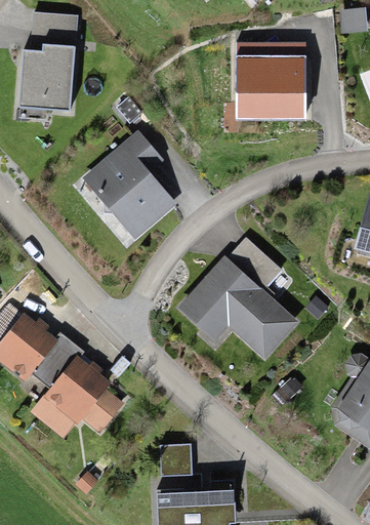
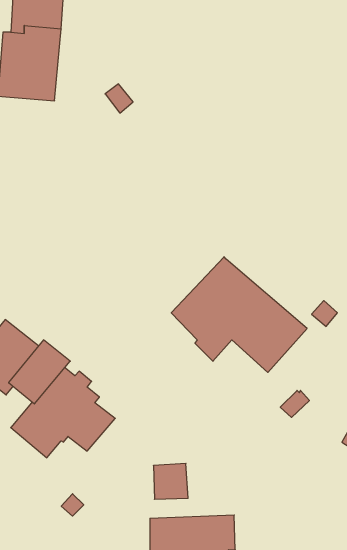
building: [236,41,305,120] -> none
building: [81,128,177,239] -> none
building: [227,236,283,296] -> none

